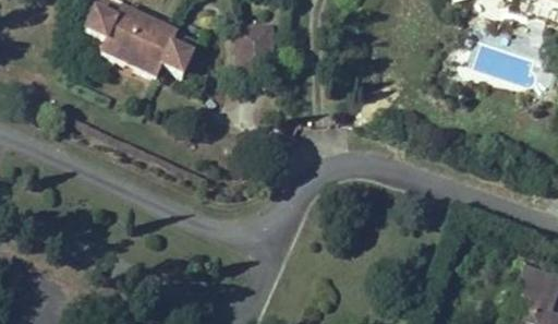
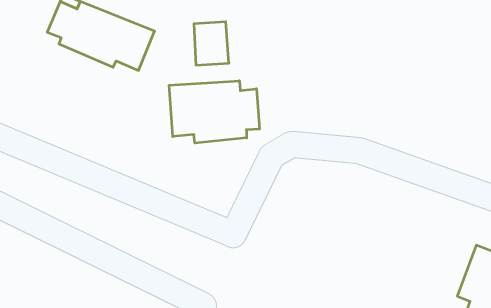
building: none -> [169,81,259,143]

